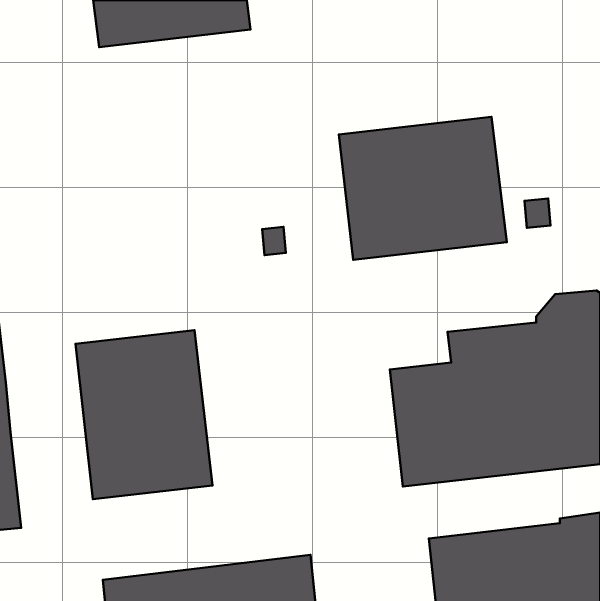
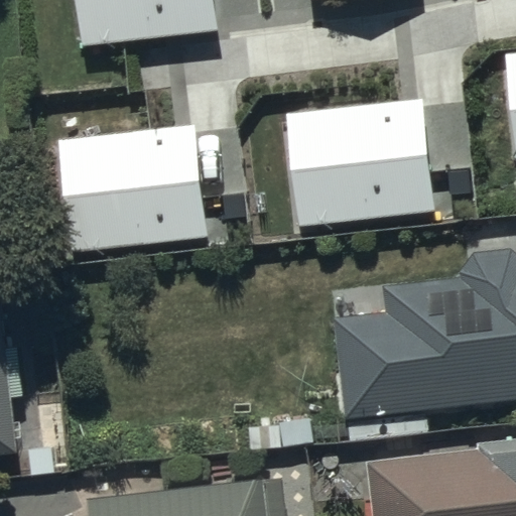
building: none -> [60,128,205,251]
building: [76,330,212,499] -> none

